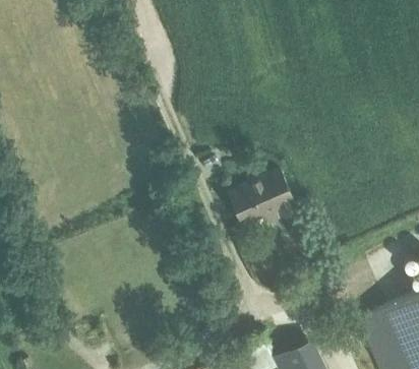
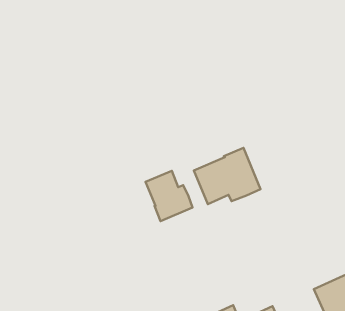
building: none -> [146,171,193,221]

